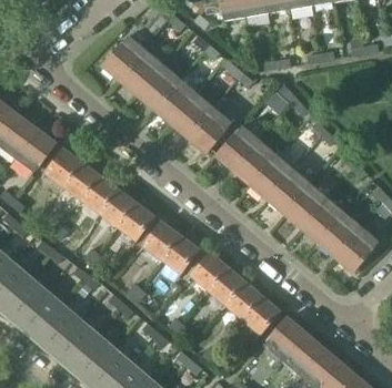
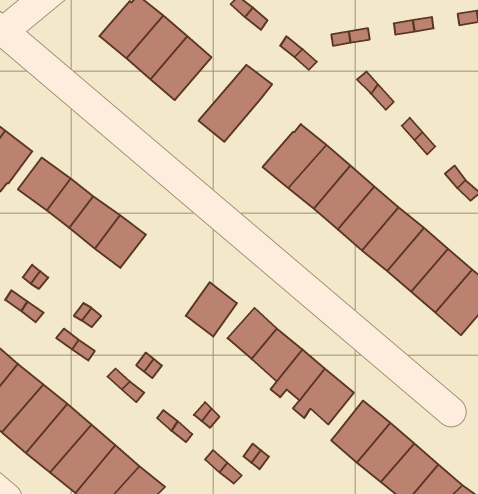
building: [153,78,195,122] -> none
building: [188,106,231,152] -> none
building: [115,201,152,238] -> none
building: [142,221,178,257] -> none

